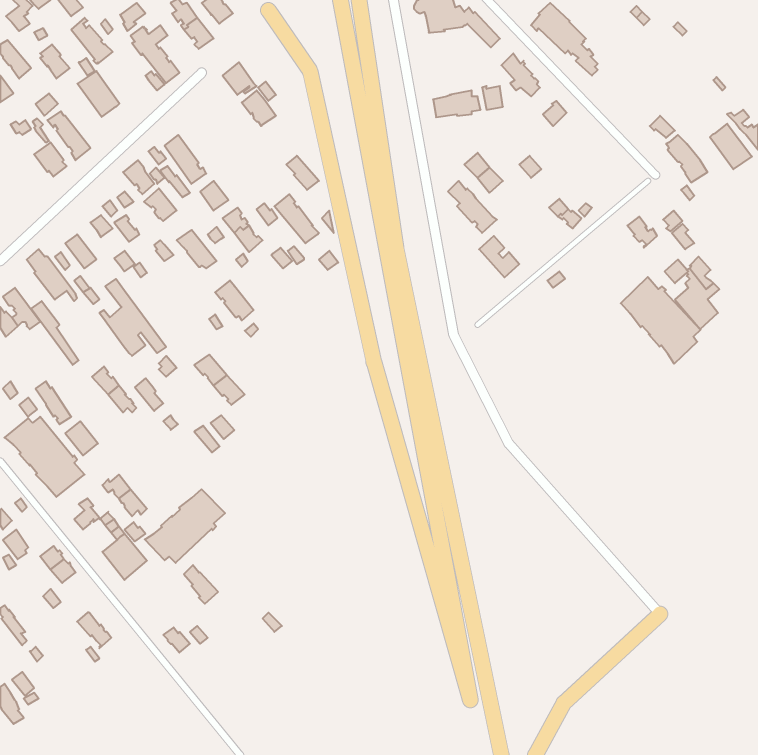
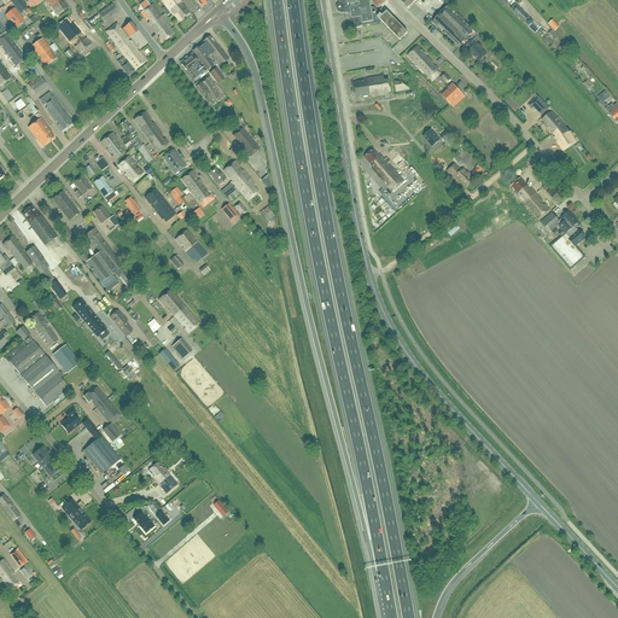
building: none -> [193,34,229,68]
building: [77,71,119,117] -> none
building: [710,124,752,169] -> none
building: [621,277,701,364] -> none
building: [145,489,225,563] -> none

